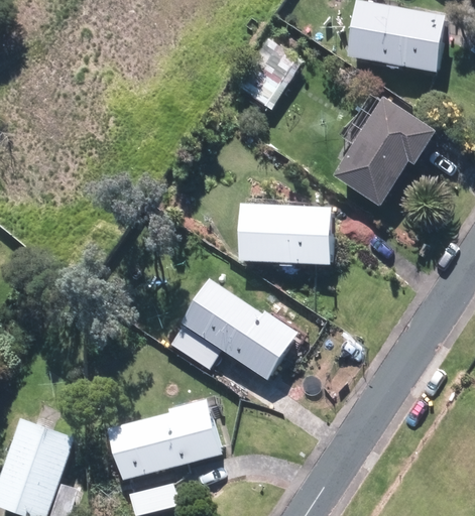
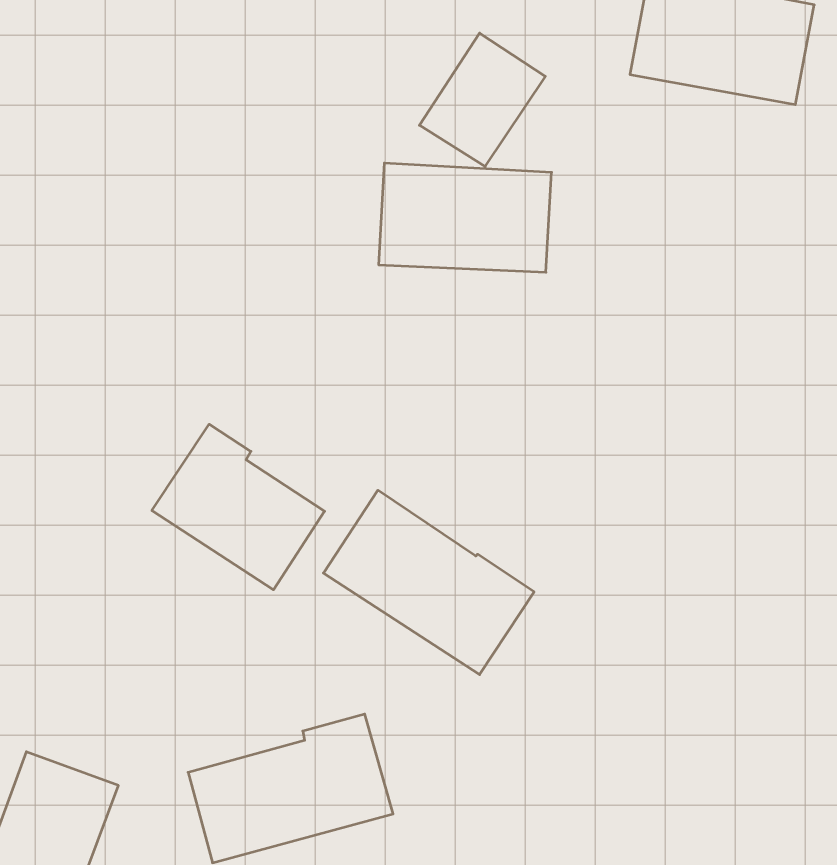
building: [334,100,433,205] -> none
building: [239,206,332,264] -> [379,163,552,272]
building: none -> [152,424,325,590]

